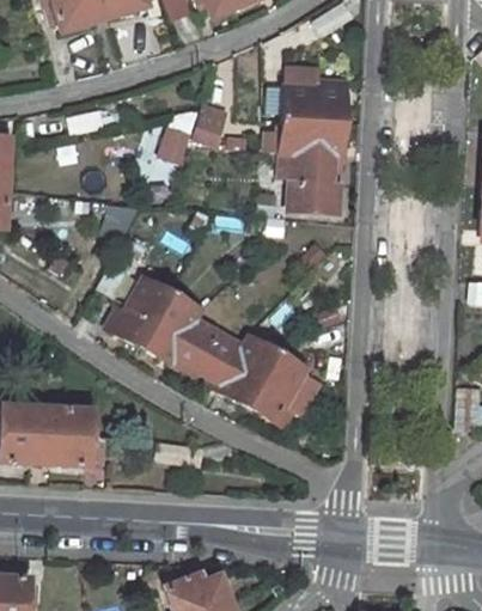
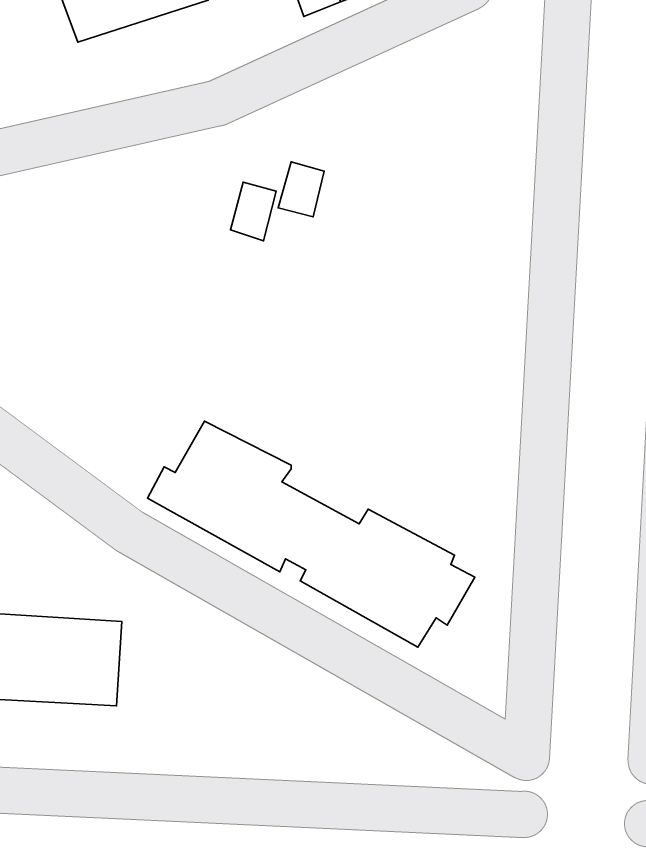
building: [268,80,344,210] -> none

